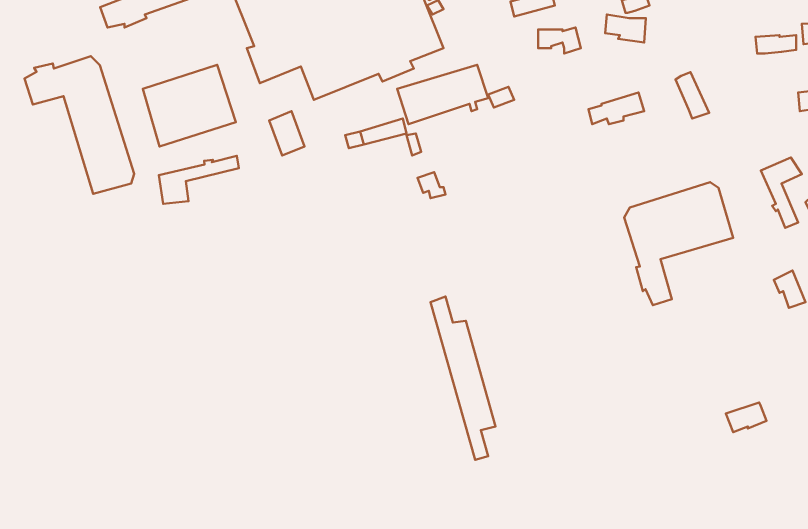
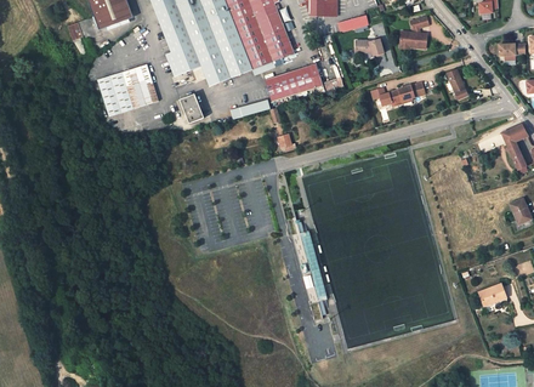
building: [25,56,134,194] -> none
building: [159,156,239,204] -> none
building: [624,182,733,305] -> none

